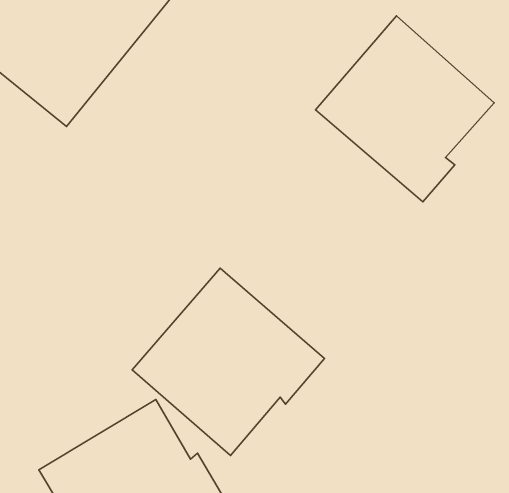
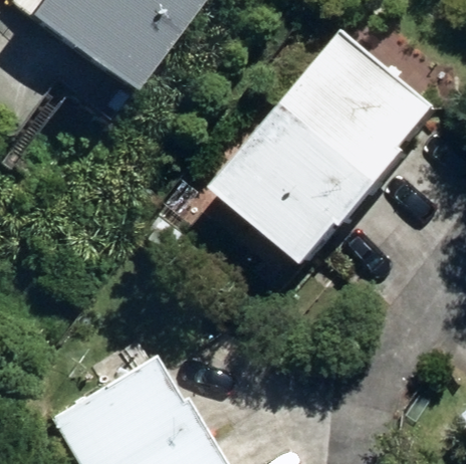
building: none -> [220,106,380,257]
building: [132,268,325,456] -> none

